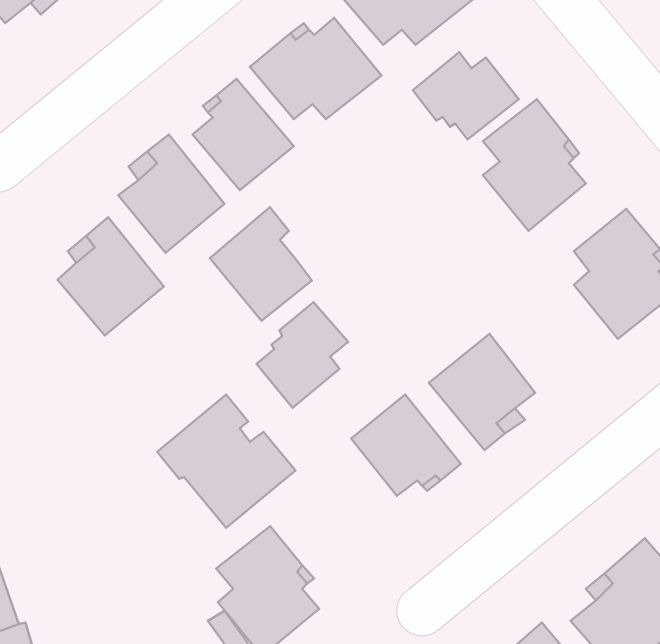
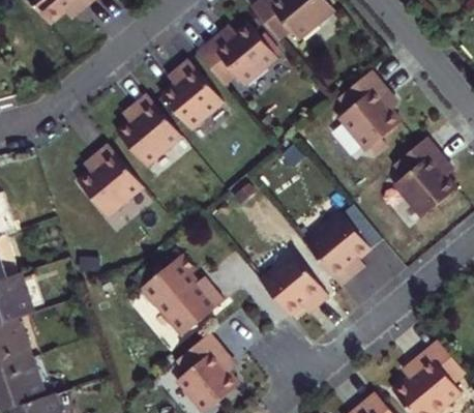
building: [413,52,519,139] -> none
building: [210,207,312,321] -> none
building: [256,302,348,408] -> none

